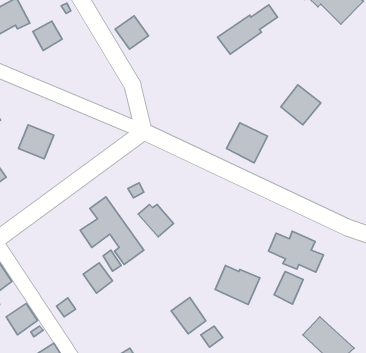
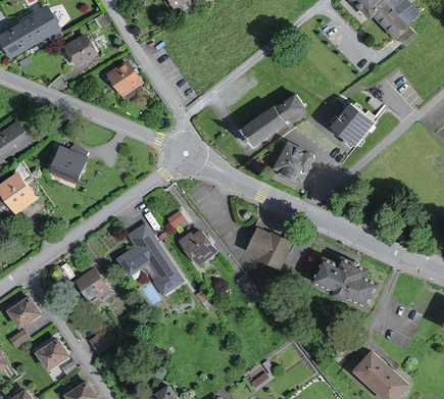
building: [218,5,278,54] -> [241,94,305,147]
building: [115,16,148,49] -> [106,61,142,97]
building: [83,263,113,293] -> [76,268,107,301]
building: [215,266,260,305] -> [245,228,293,269]
building: [274,272,303,304] -> none
building: [171,298,206,334] -> none

